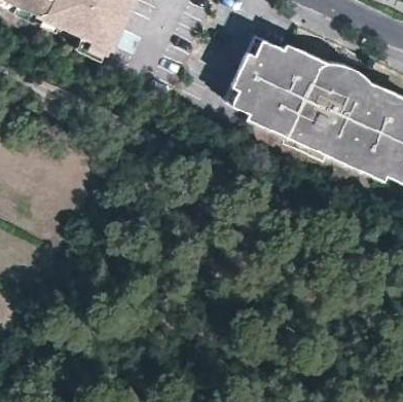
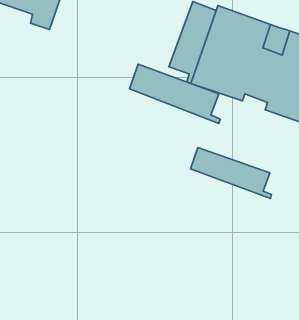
building: none -> [129,64,220,123]
building: none -> [191,147,272,198]

